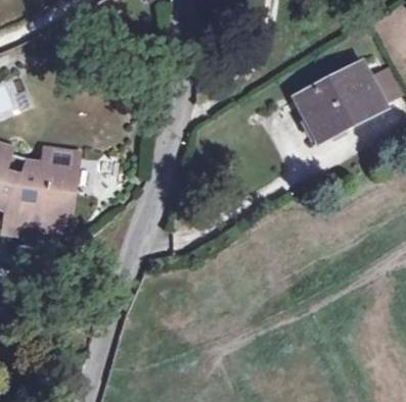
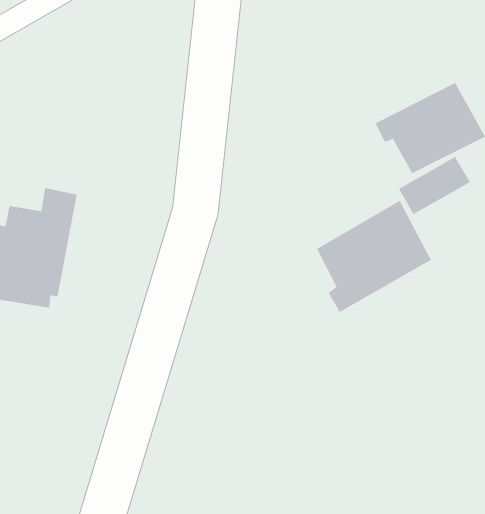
building: none -> [316,200,432,313]

